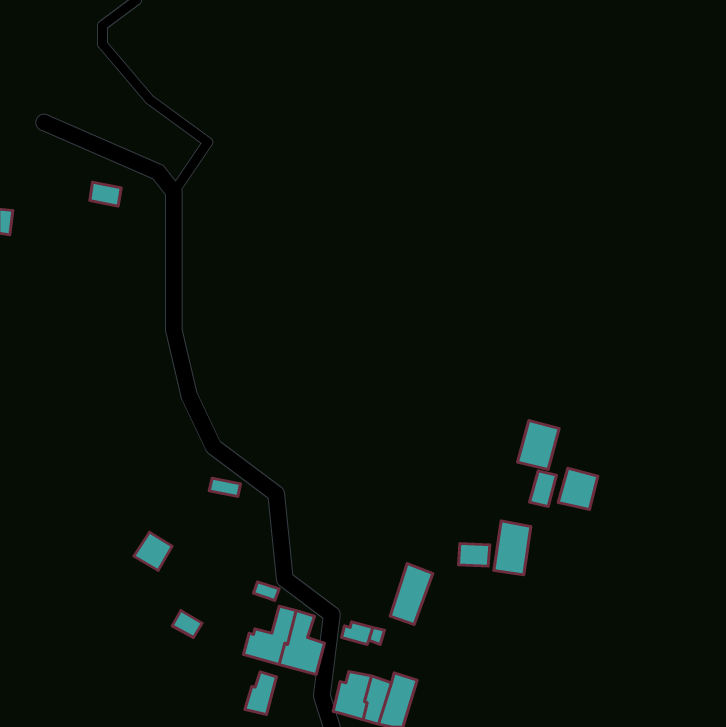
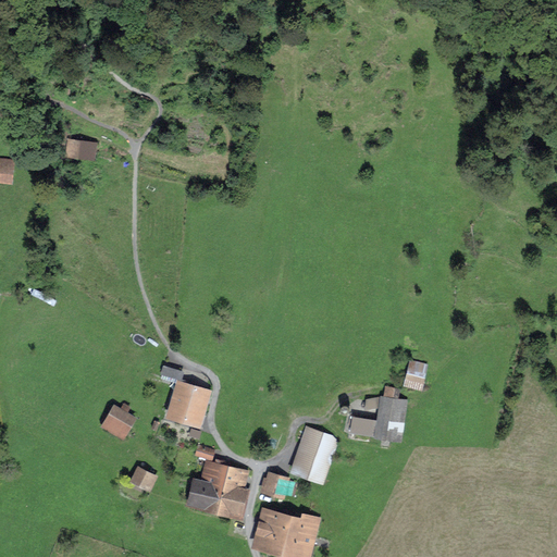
building: [518,420,559,469] -> none
building: [558,468,598,510] -> none
building: none -> [169,382,207,422]
building: [245,672,276,715] -> none

